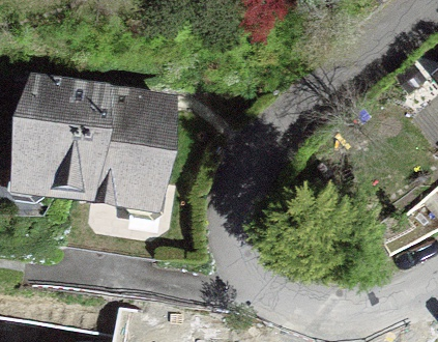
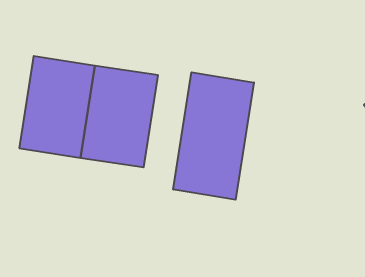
building: none -> [173,72,254,200]

